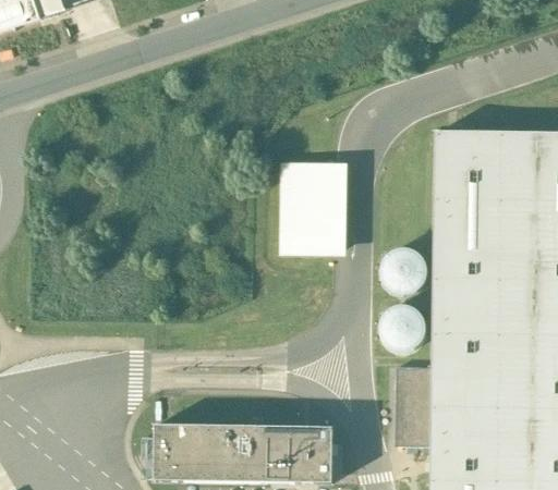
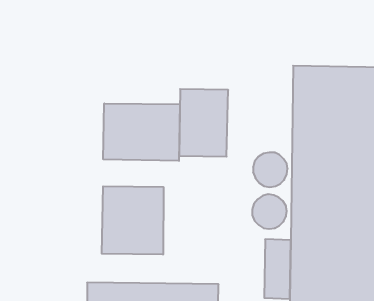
building: none -> [103,103,180,161]
building: none -> [102,186,163,255]

